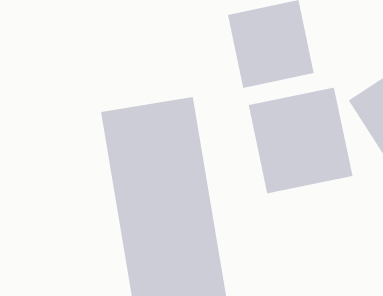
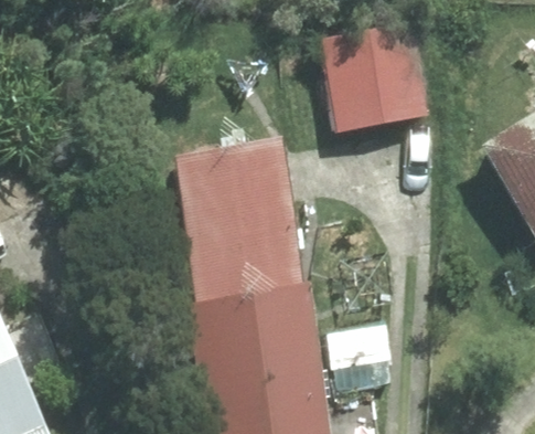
building: [248,87,353,194] -> none

